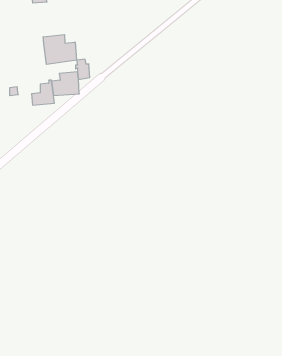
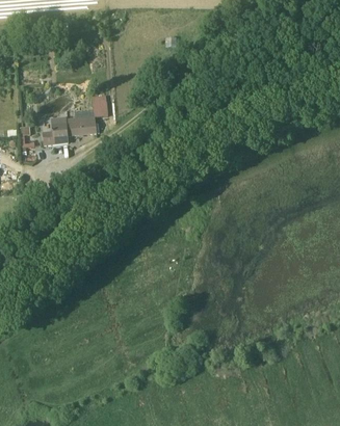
building: [43,35,76,64] -> none

